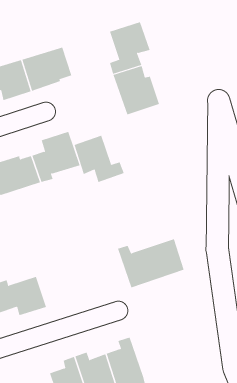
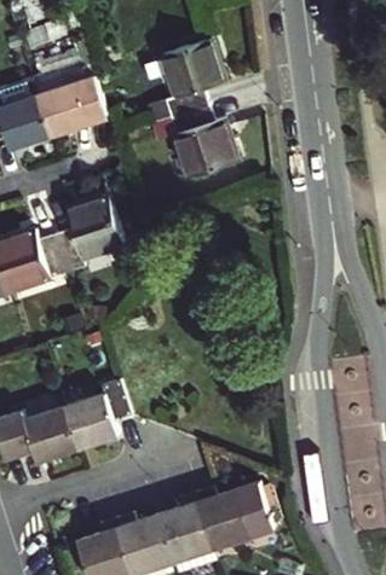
building: [74,135,124,183] -> none
building: [117,239,185,288] -> [194,477,290,548]
building: none -> [59,377,131,449]

